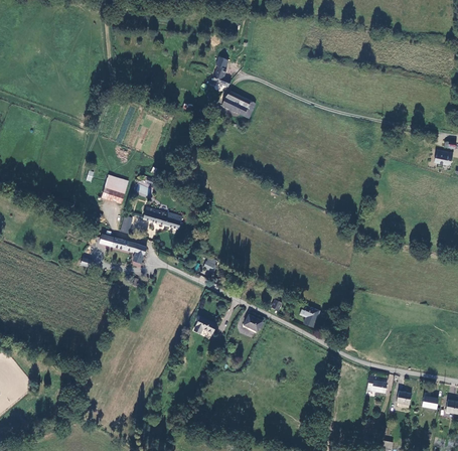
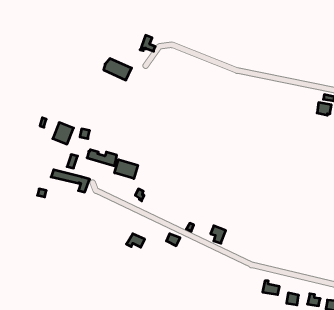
building: [221,93,257,120] -> [104,59,132,80]
building: none -> [115,160,138,179]

